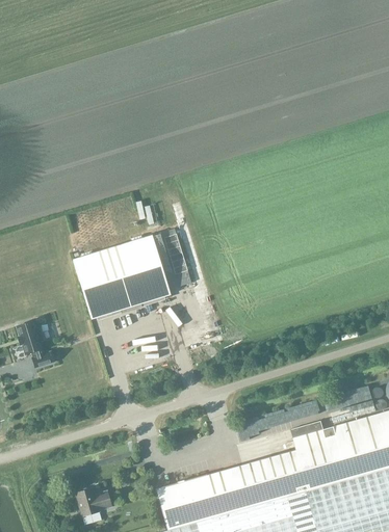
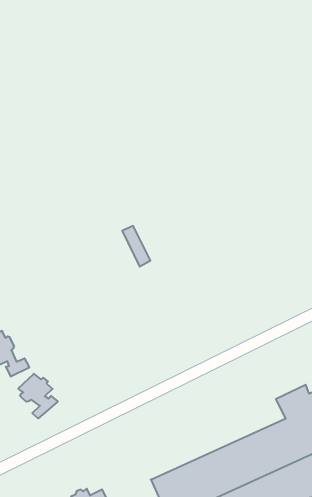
building: [73,236,172,320] -> none
building: none -> [18,374,58,418]

